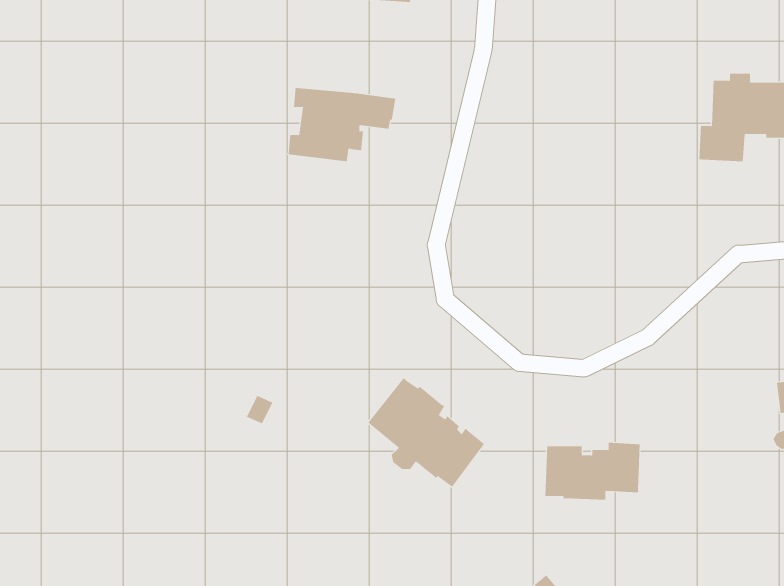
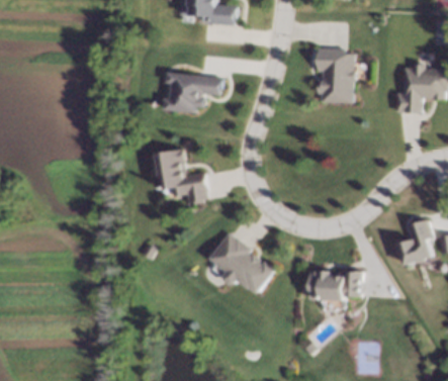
building: none -> [316,47,353,102]
building: none -> [158,149,209,204]
building: none -> [396,218,433,266]

